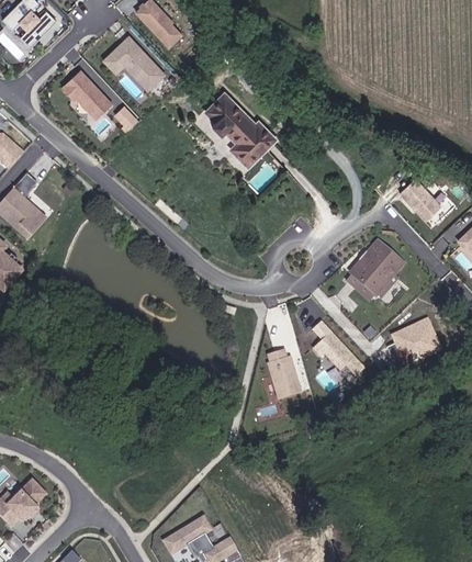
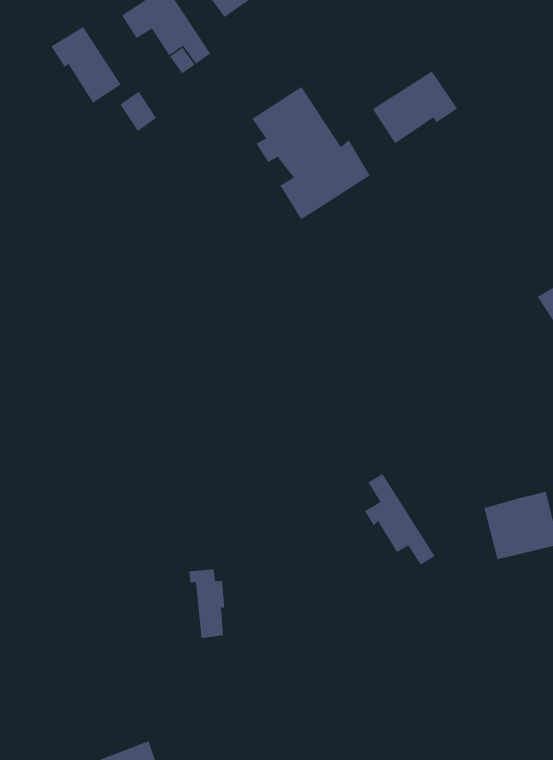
building: none -> [372,71,458,144]
building: [352,248,403,302] -> none
building: [268,350,297,396] -> [188,569,225,639]

